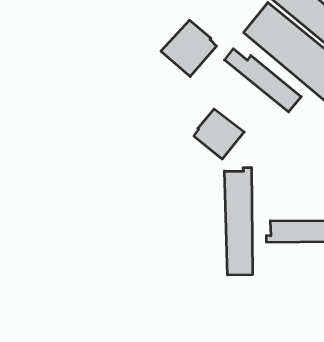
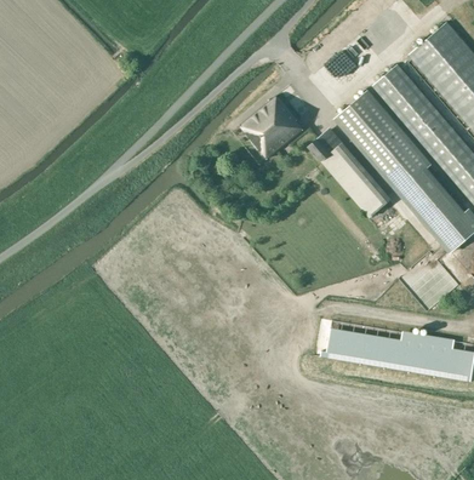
building: [194,109,244,159] -> none
building: [224,167,252,275] -> none

